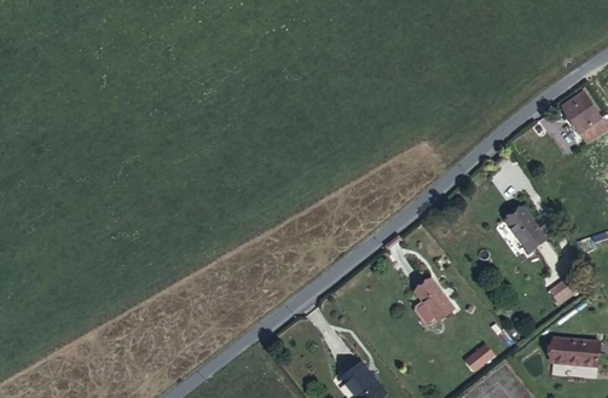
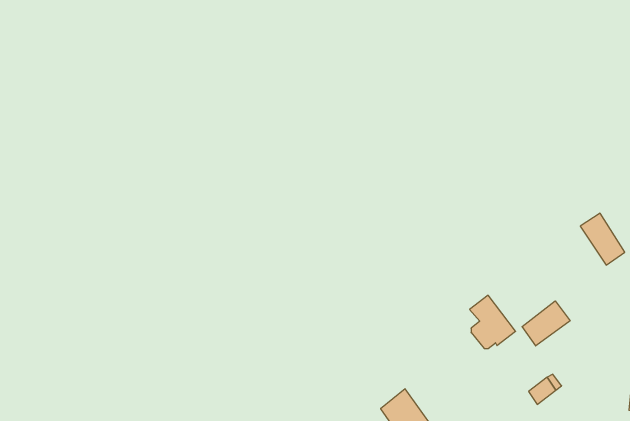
building: none -> [522,301,570,346]

